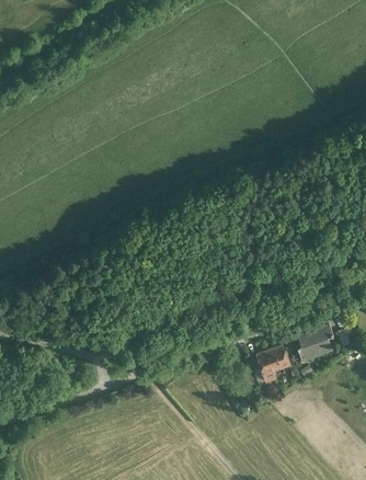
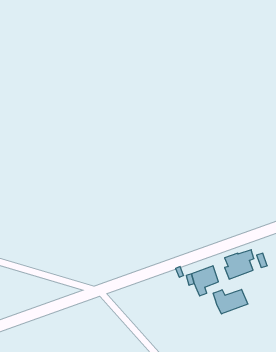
building: none -> [213,289,248,314]

